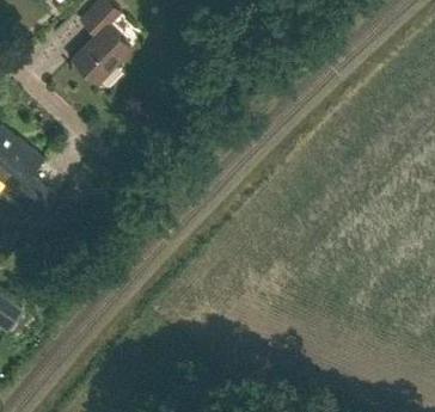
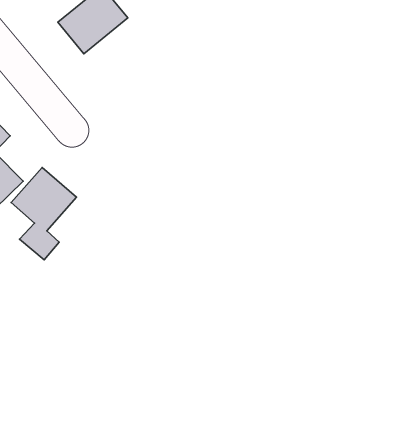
building: none -> [11,167,76,260]

